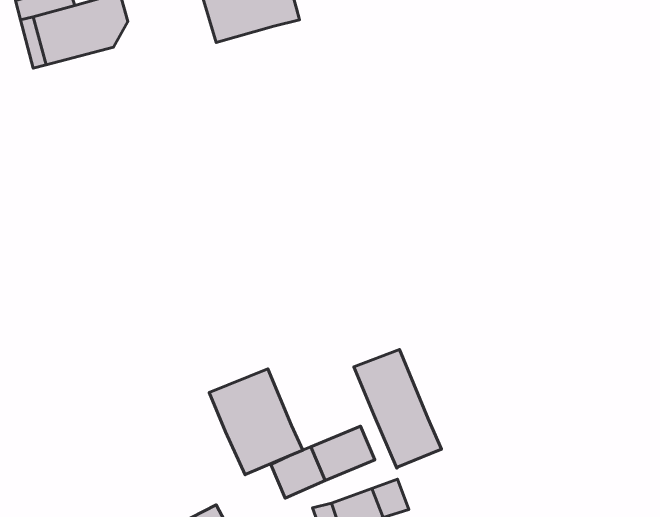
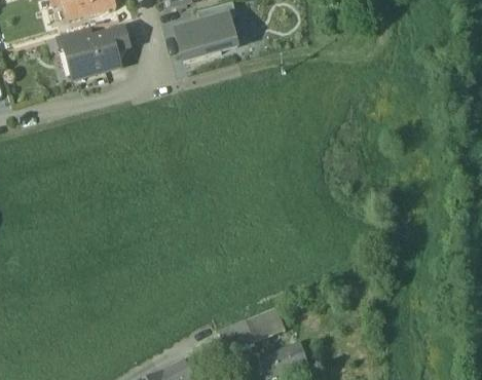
building: [354,350,441,468] -> none
building: [209,369,303,475] -> none

